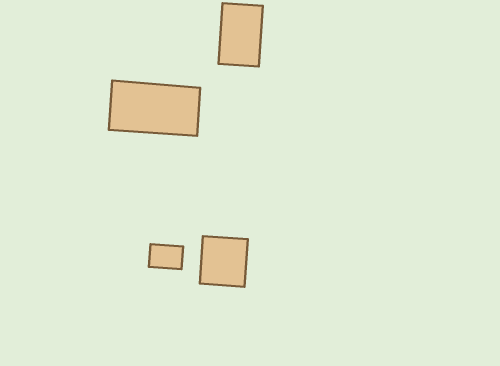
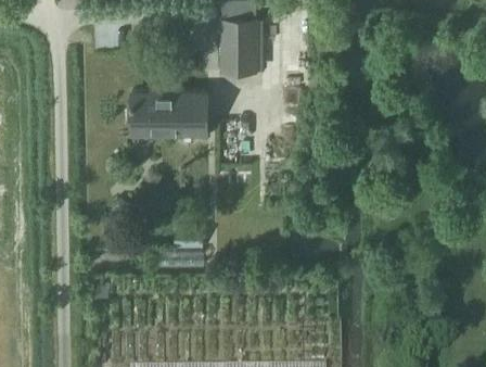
building: [200,236,248,287] -> none

